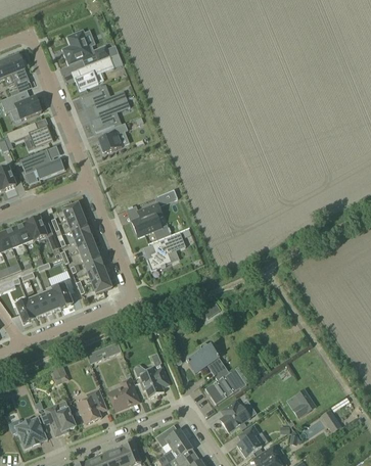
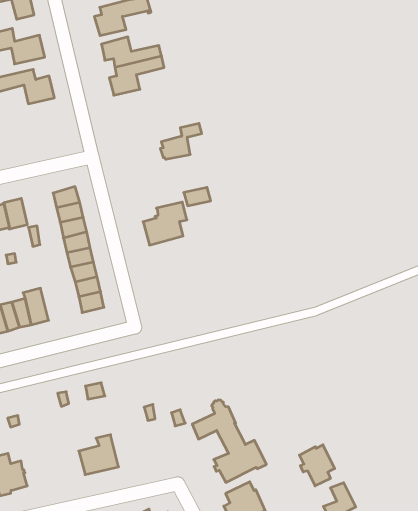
building: [99,123,128,152] -> [160,123,202,159]
building: [20,149,64,179] -> none
building: [146,233,186,271] -> none
building: none -> [299,445,335,486]
building: [140,366,170,398] -> none
building: [77,388,106,424] -> none

